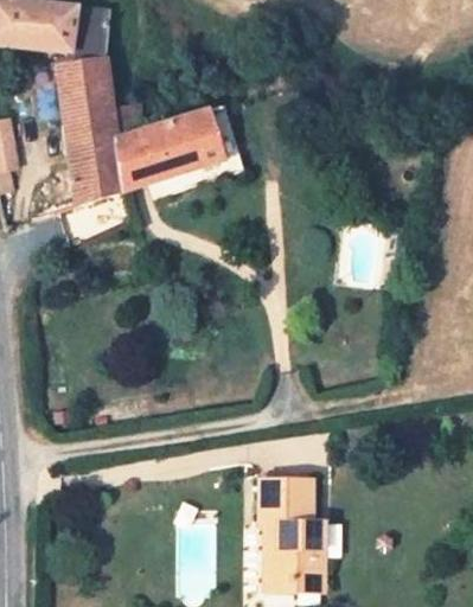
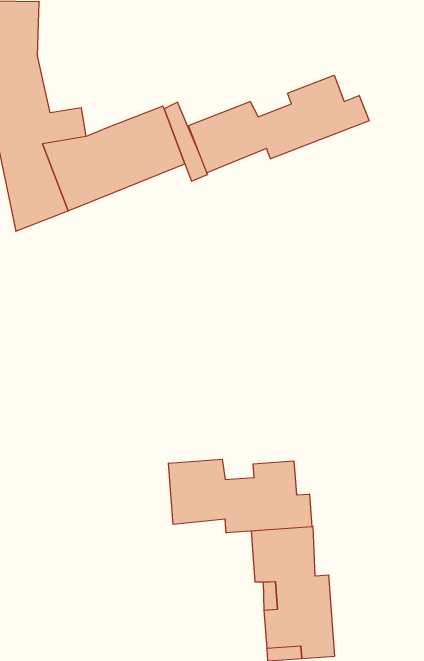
building: none -> [189,75,369,173]
building: none -> [169,459,312,533]

